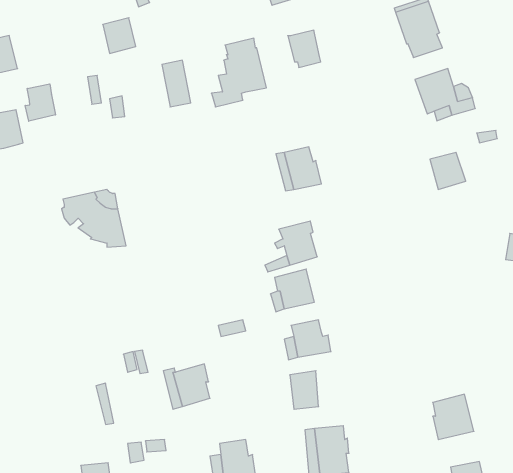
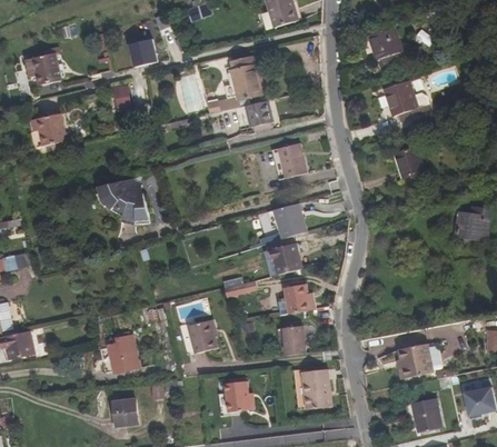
building: [288,30,321,67] -> [245,100,271,130]
building: [25,84,55,121] -> none
building: none -> [107,335,132,371]

